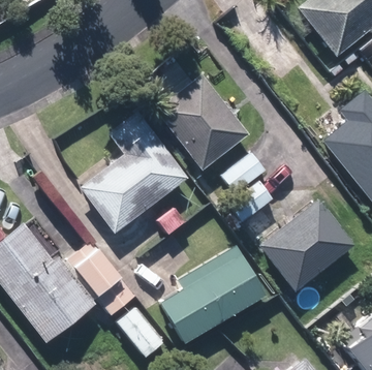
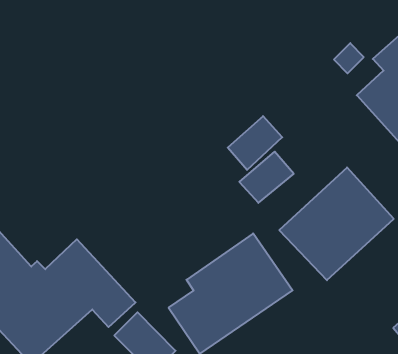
building: [154,72,249,169] -> none
building: [80,111,187,233] -> none

